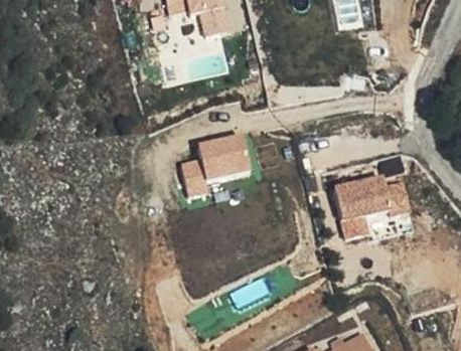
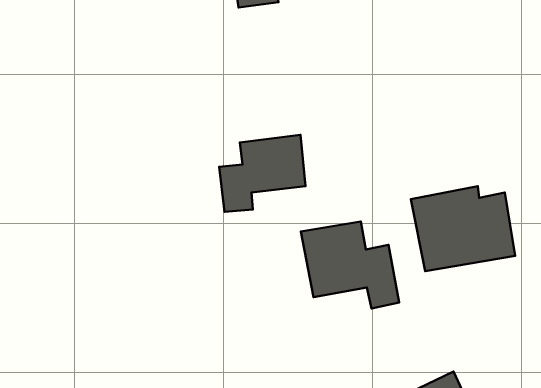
building: none -> [301,221,399,309]

